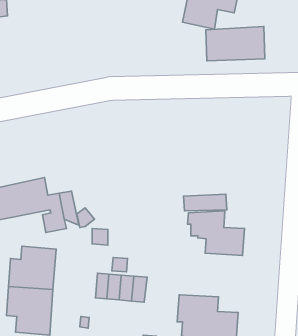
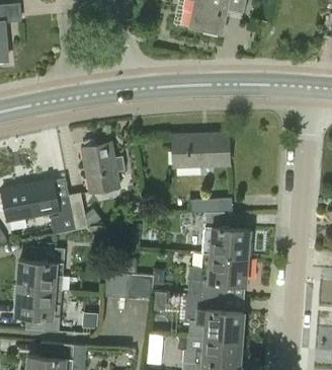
building: [206,27,265,61] -> [172,133,230,166]
building: none -> [82,143,125,192]
building: none -> [186,252,247,296]

